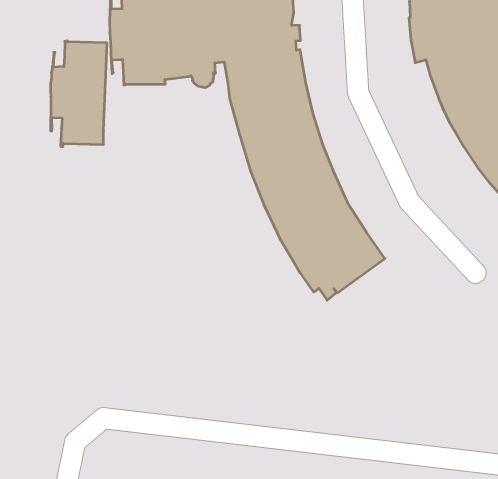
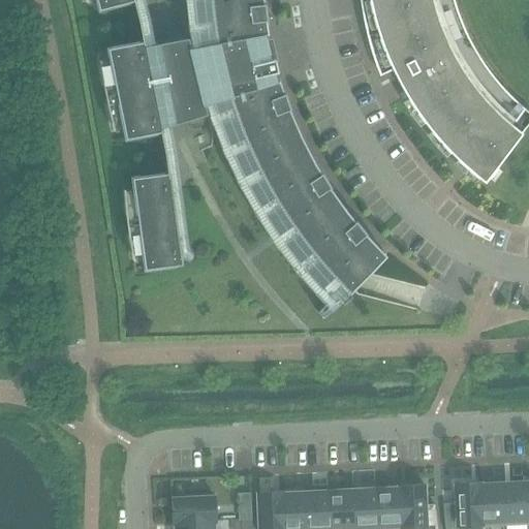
building: [51,41,107,147] -> [125,173,184,273]

